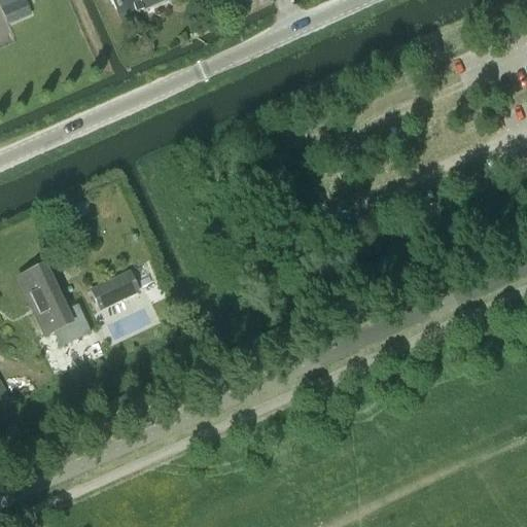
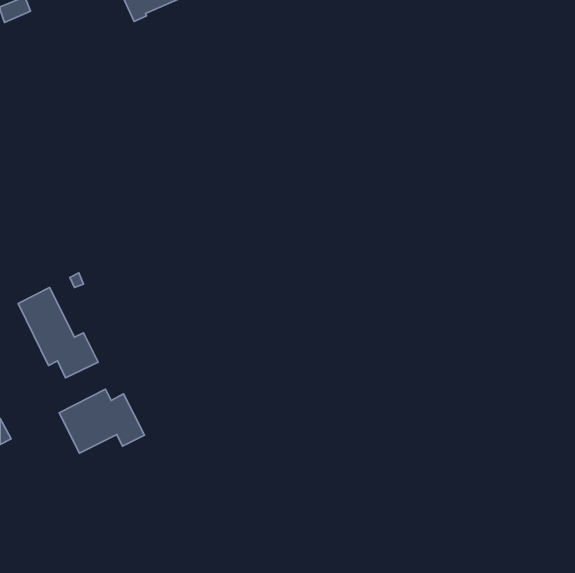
building: [91,269,138,307] -> none
building: none -> [59,389,145,453]

